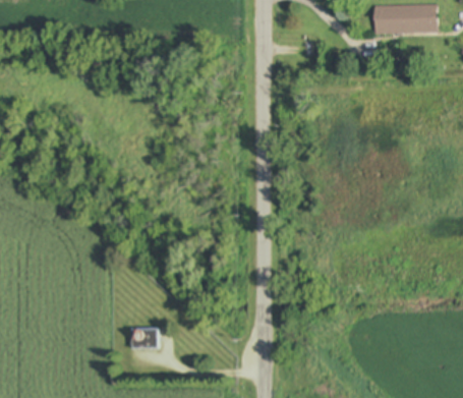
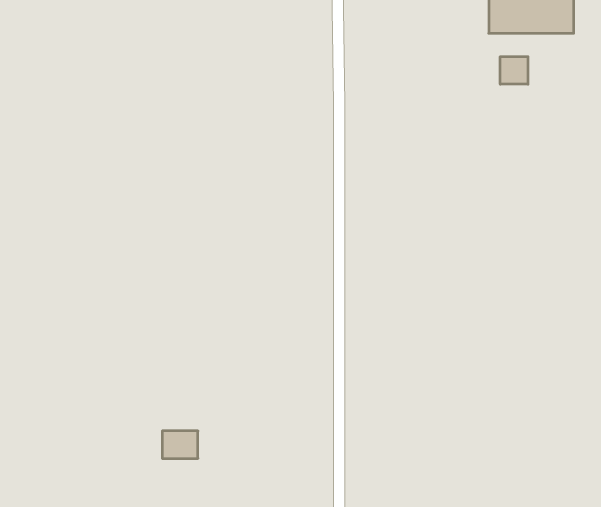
building: none -> [500,57,528,84]

